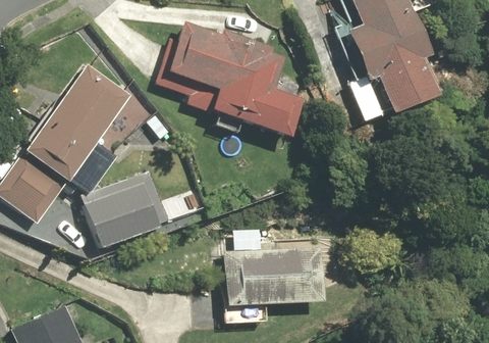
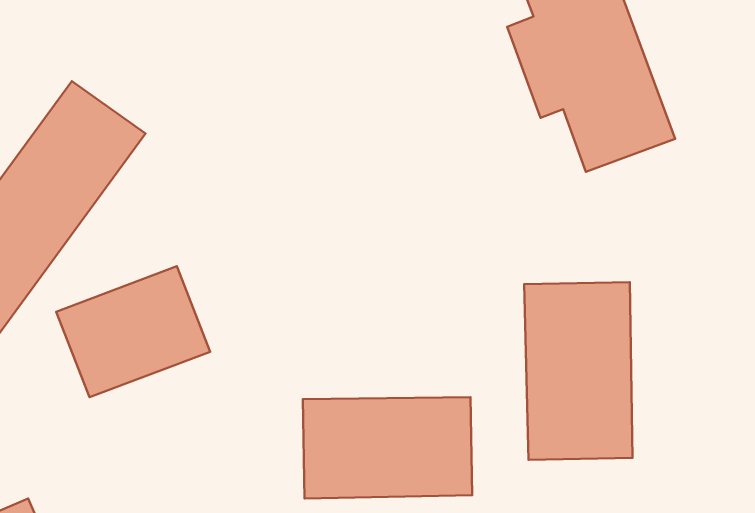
building: [159,21,304,138] -> none
building: none -> [524,282,632,460]

